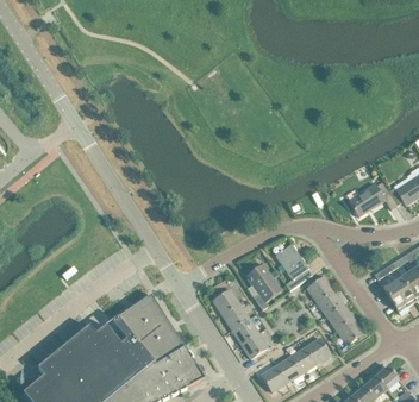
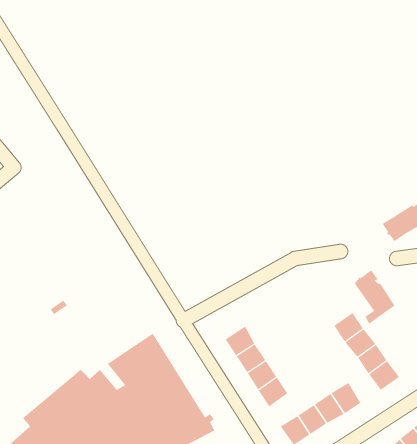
building: [276,243,312,290] -> [354,270,395,325]
building: [246,264,281,309] -> none

